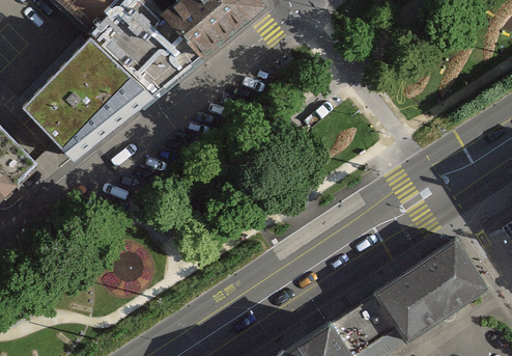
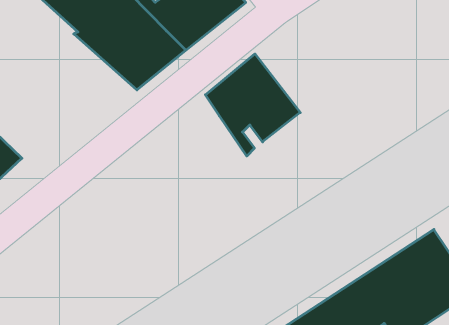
building: [22,38,152,160] -> none
building: none -> [205,54,300,156]

